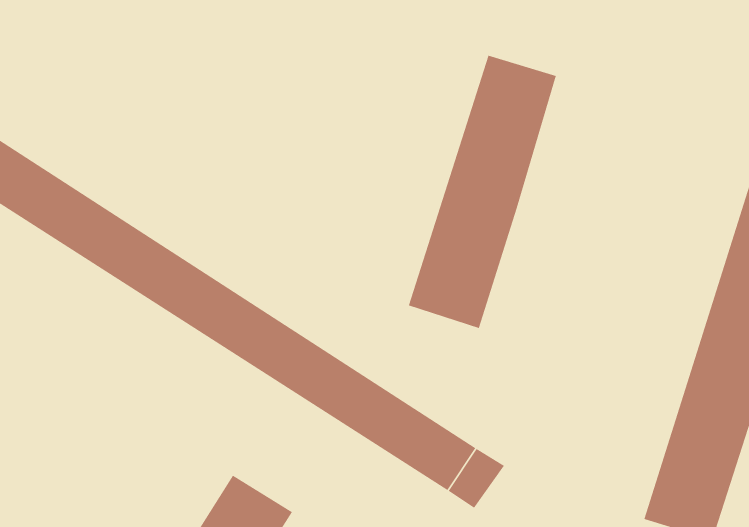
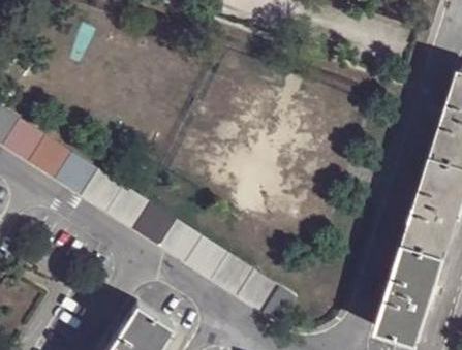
building: [408,55,557,329] -> none

